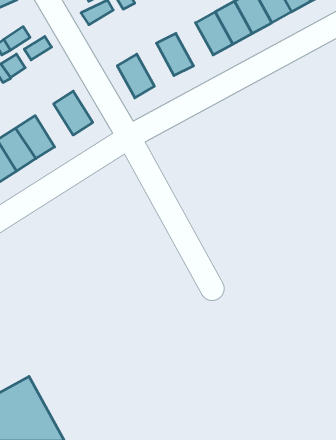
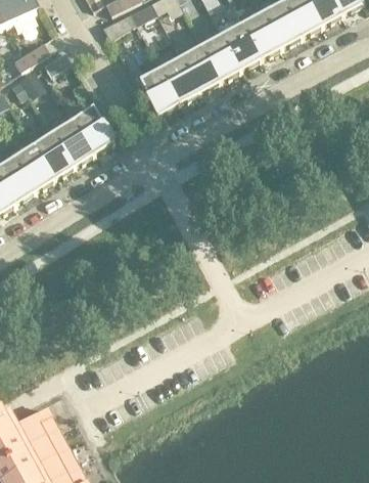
building: none -> [200,34,239,79]
building: none -> [159,55,198,100]
building: none -> [53,119,93,164]

